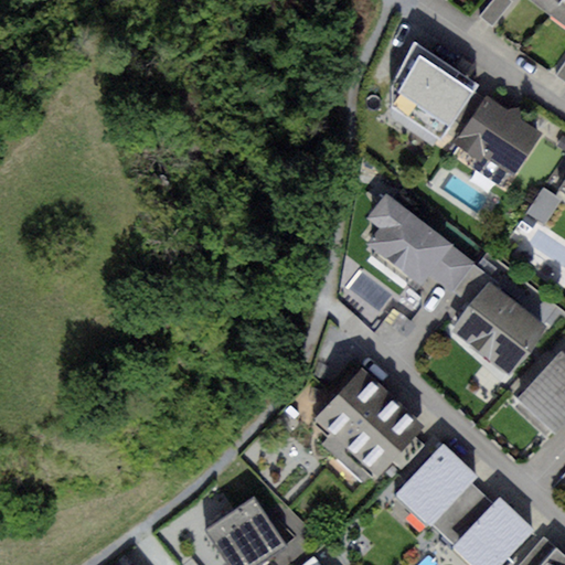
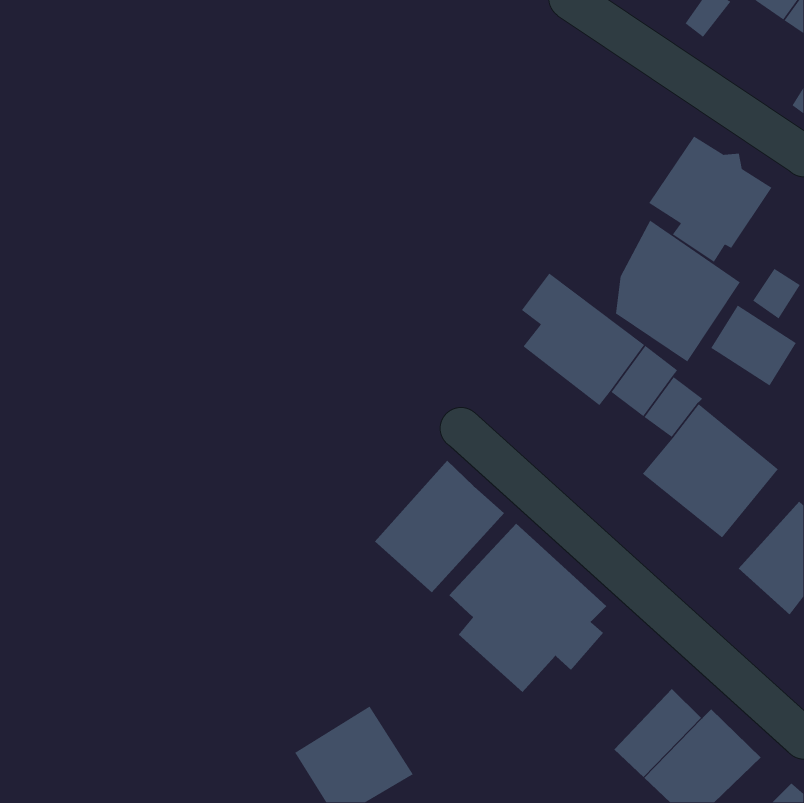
building: [390,40,478,140] -> [615,219,741,363]
building: none -> [710,304,797,387]
building: none -> [374,460,505,593]
building: [396,444,478,525] -> none

